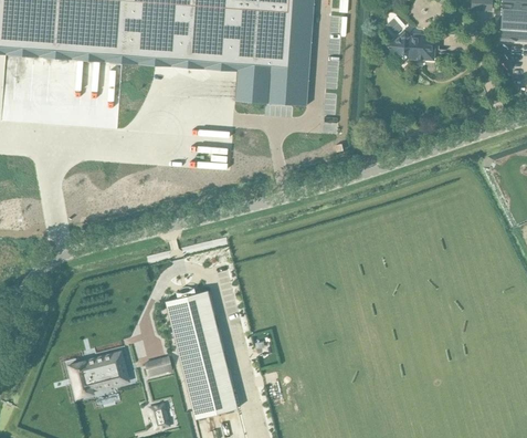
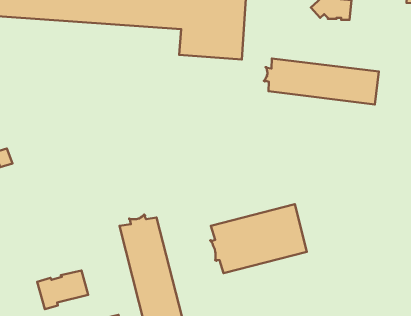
building: none -> [264,58,379,104]
building: none -> [210,204,307,273]

